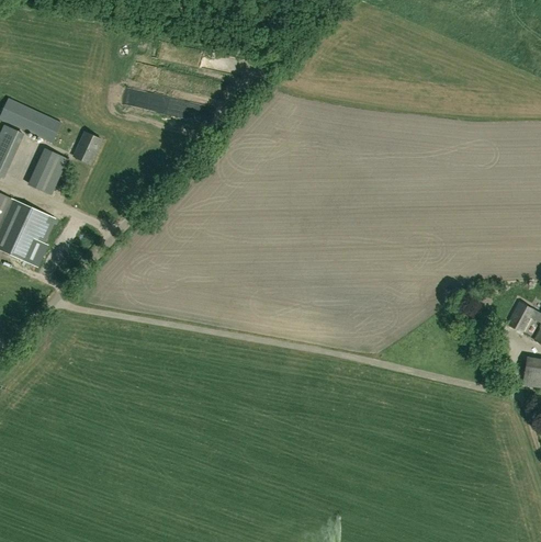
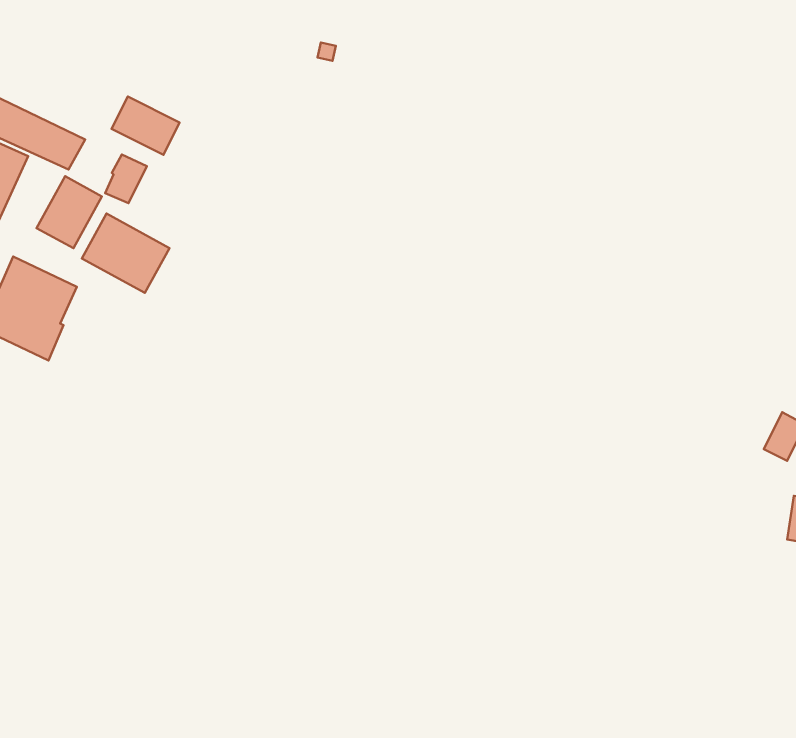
building: none -> [112,97,180,155]
building: none -> [82,214,170,293]

